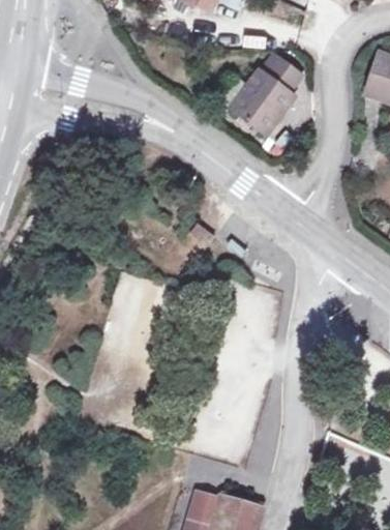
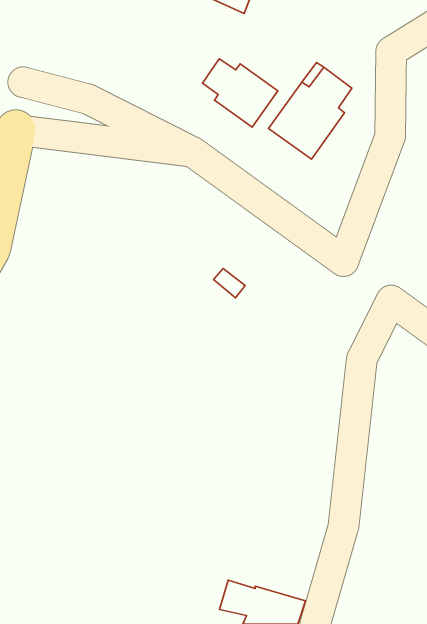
building: none -> [203,59,278,127]

